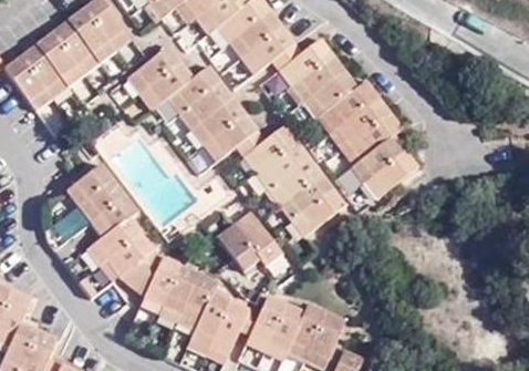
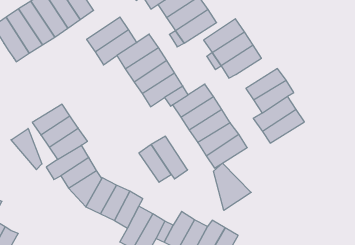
building: [326,81,381,128] -> none
building: none -> [11,128,42,170]
building: none -> [213,163,251,210]

